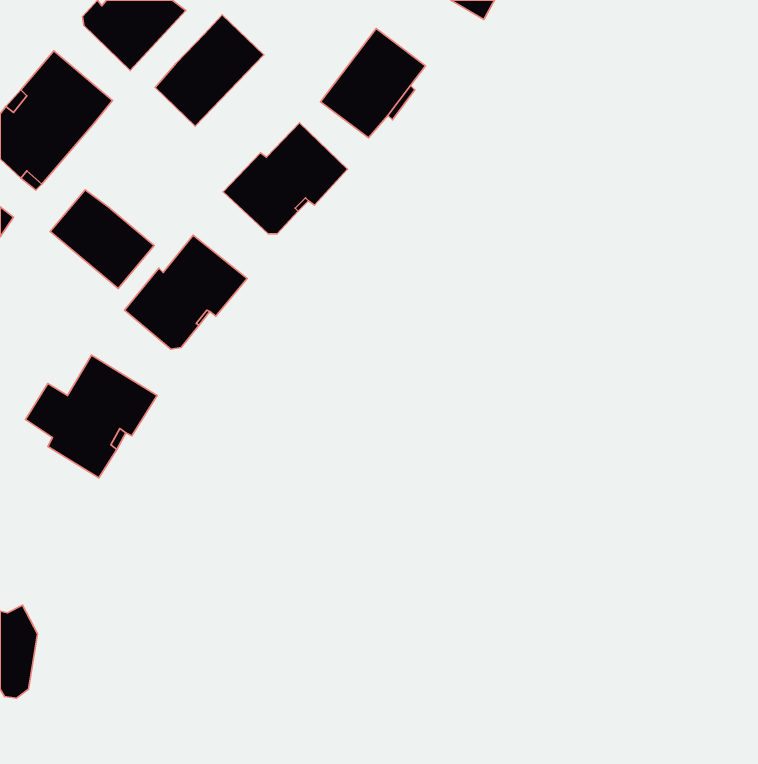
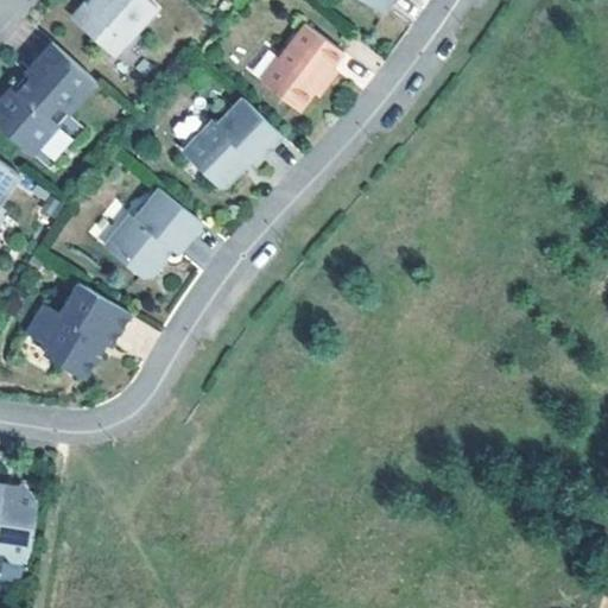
building: [155,15,264,126] -> none
building: [50,190,154,288] -> none

